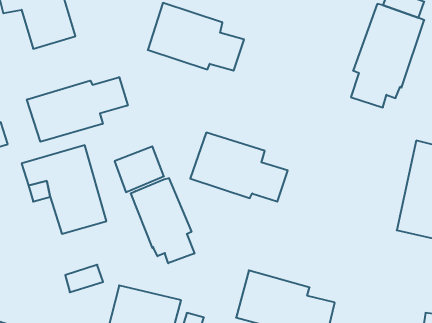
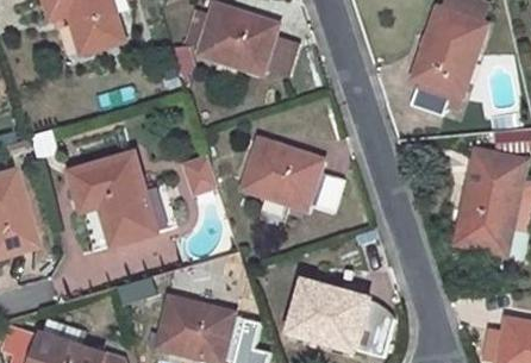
building: [27,77,128,142] -> none
building: [131,178,194,263] -> none

